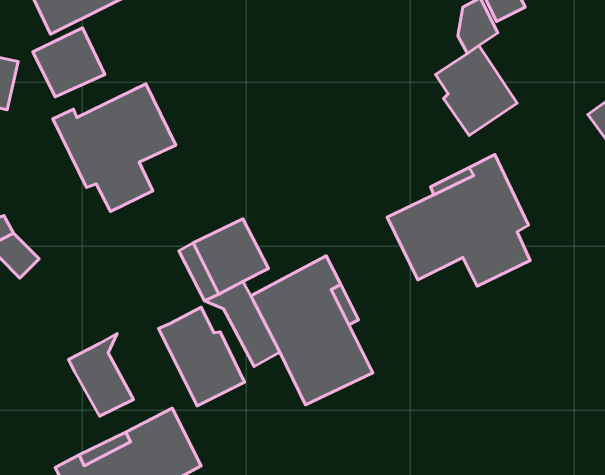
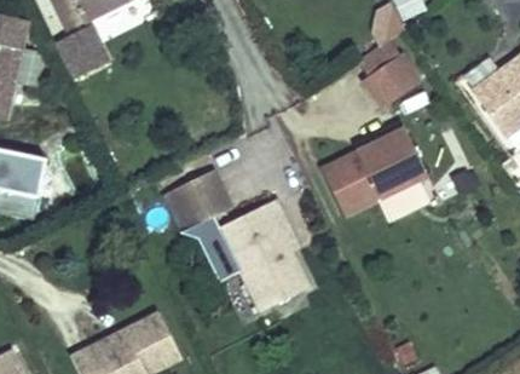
building: [53,84,176,211] -> none
building: [158,307,244,406] -> none
building: [68,333,134,416] -> none

